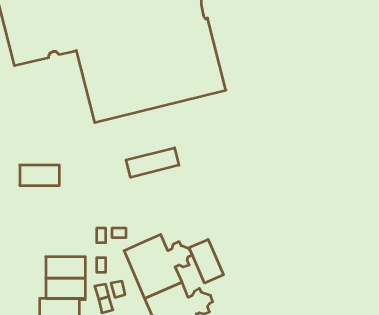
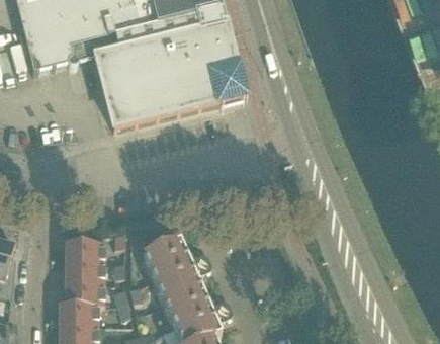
building: [126,148,179,177] -> none
building: [20,165,59,185] -> [65,241,104,261]
building: [189,239,223,283] -> none

